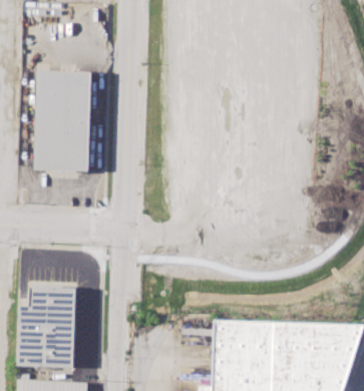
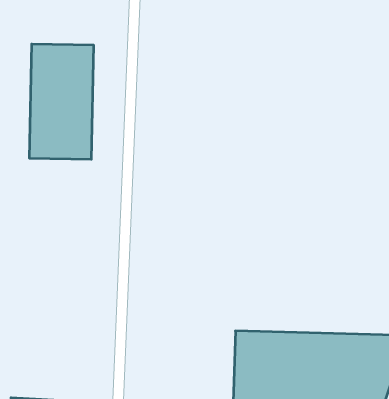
building: [18,286,77,367] -> none

